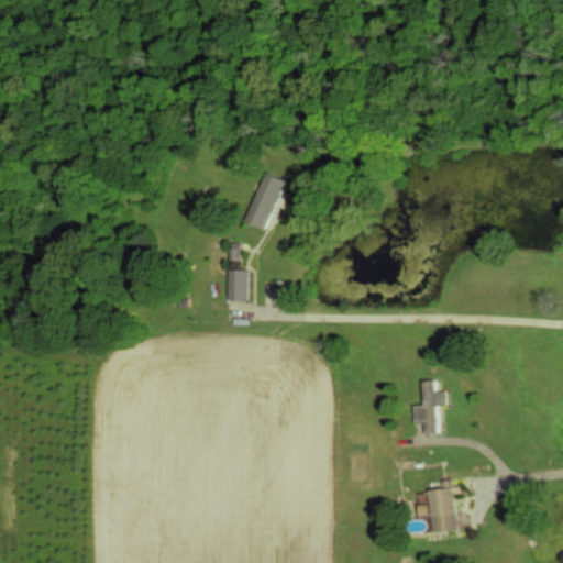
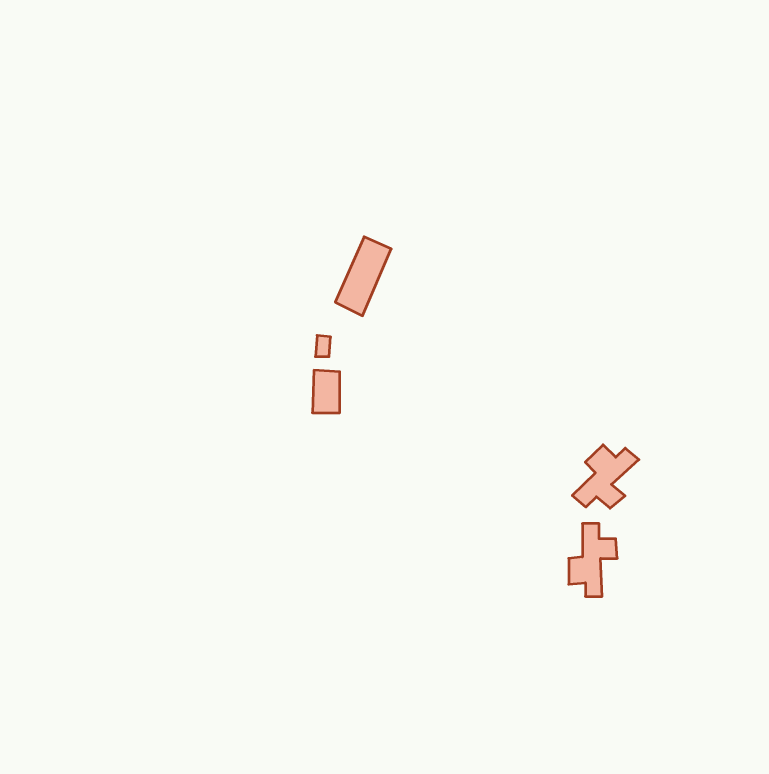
building: none -> [572,445,639,508]
building: [417,479,457,532] -> none

